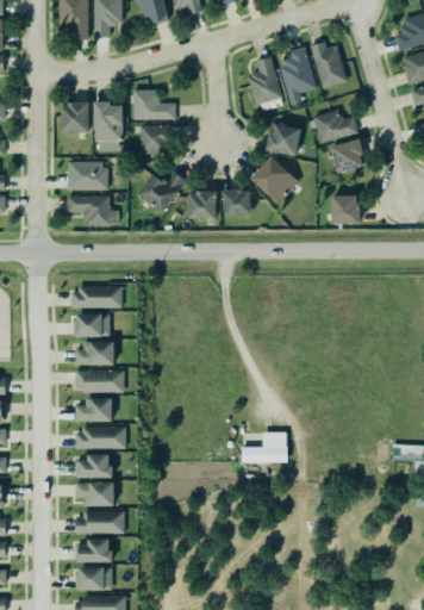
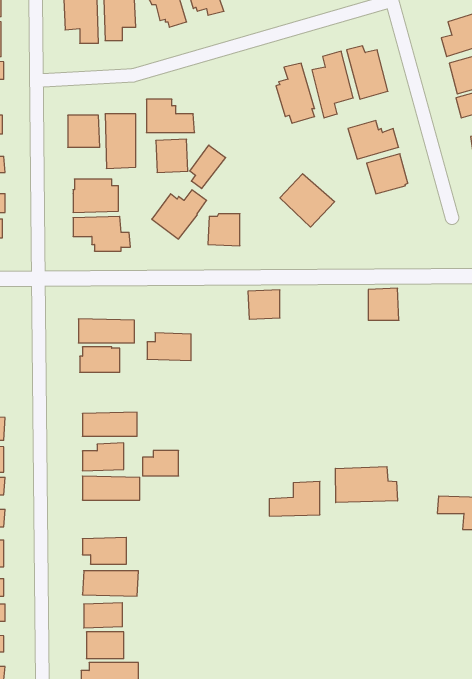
building: [266,123,300,157] -> none
building: none -> [190,145,226,189]
building: [223,189,251,216] -> [248,290,280,319]
building: [332,194,360,223] -> [368,288,399,320]
building: [75,341,114,366] -> [147,333,191,361]
building: none -> [335,467,397,503]
building: [79,454,111,477] -> [143,451,179,476]

